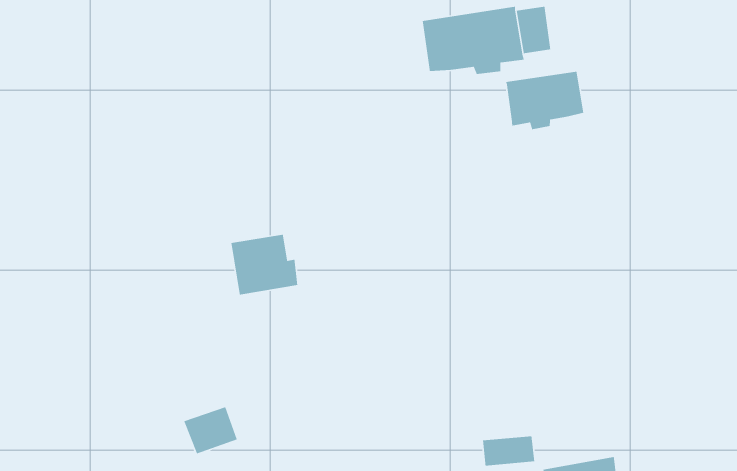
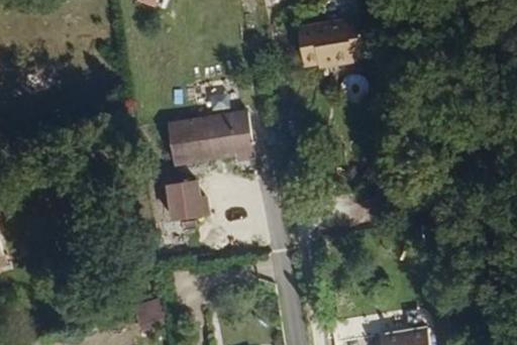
building: [505,71,584,130] -> none
building: none -> [166,111,251,163]

